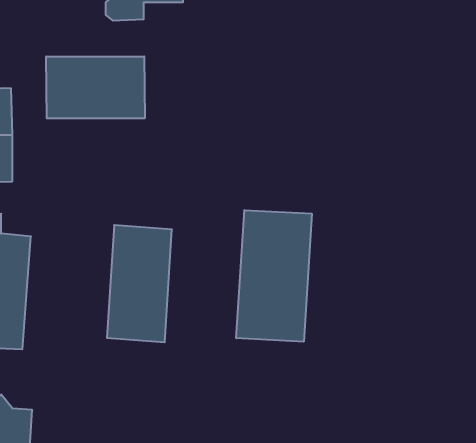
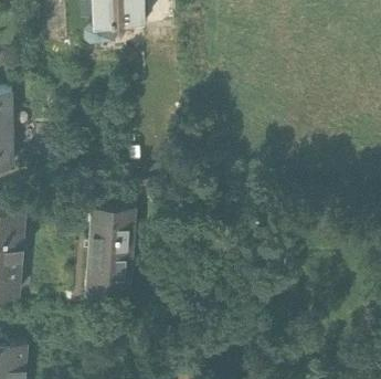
building: [46,56,145,118] -> none
building: [236,210,312,342] -> none

